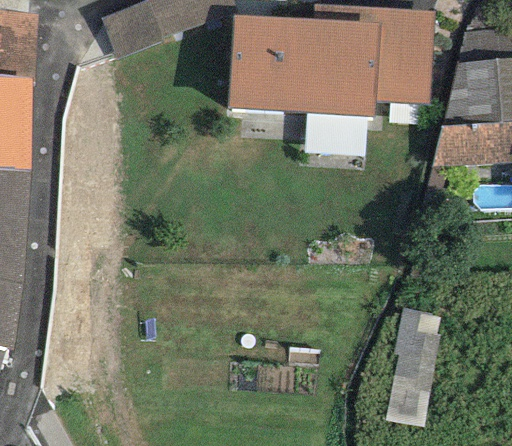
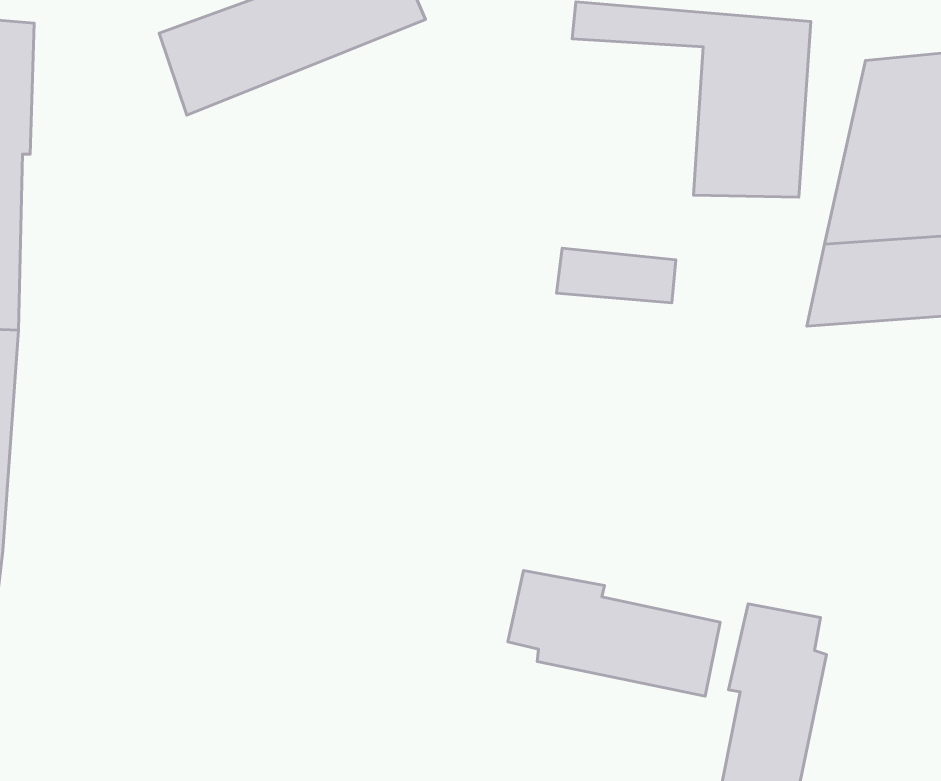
building: [226,14,379,116] -> none
building: none -> [508,570,720,696]

